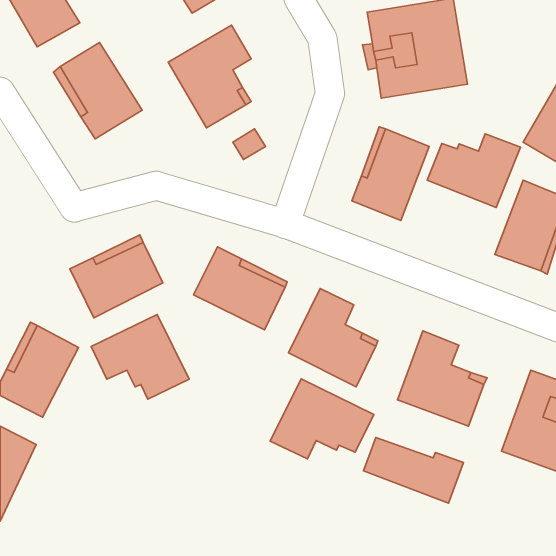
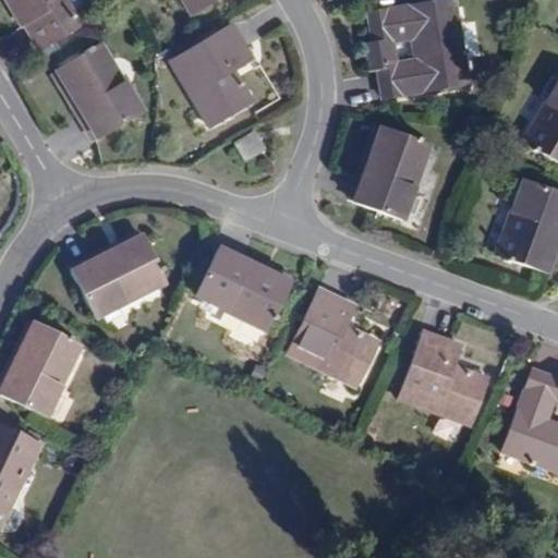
building: [427,134,521,208] -> none
building: [91,314,189,399] -> none
building: [270,379,374,459] -> none
building: [363,437,464,503] -> none

